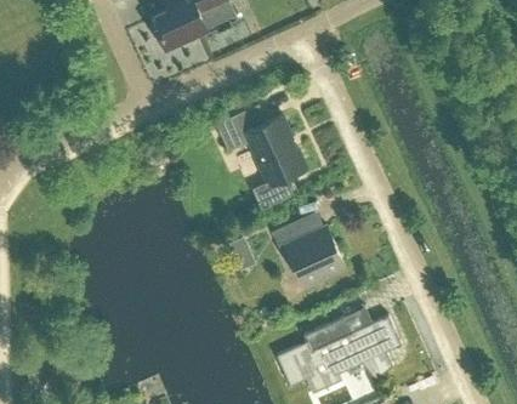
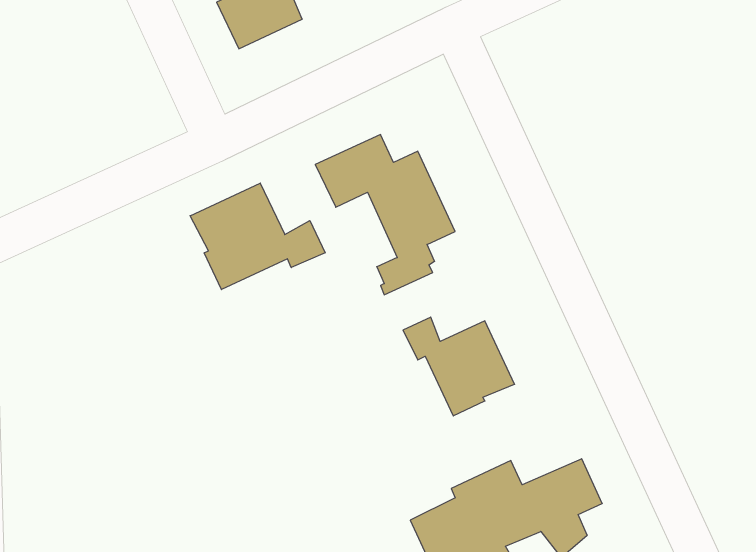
building: none -> [190,183,325,290]

